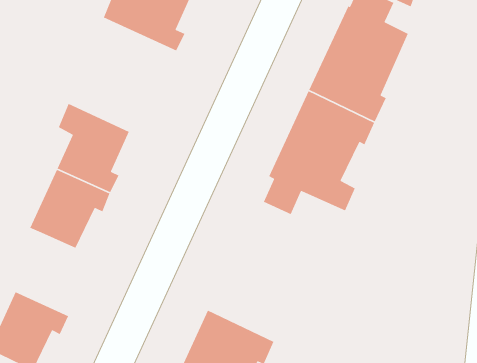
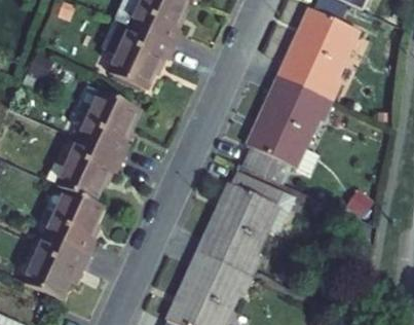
building: none -> [101,17,174,88]
building: none -> [198,170,294,276]
building: none -> [45,189,103,255]

